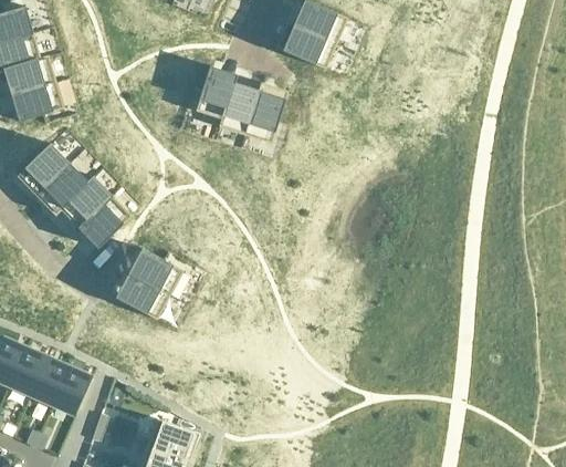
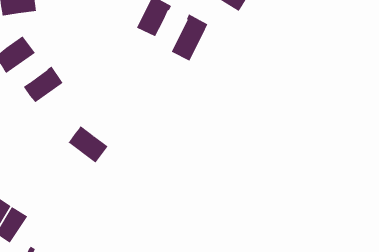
building: [213,80,254,133] -> none
building: [31,160,83,214] -> none
building: [74,194,127,247] -> none
building: [111,270,165,318] -> none

